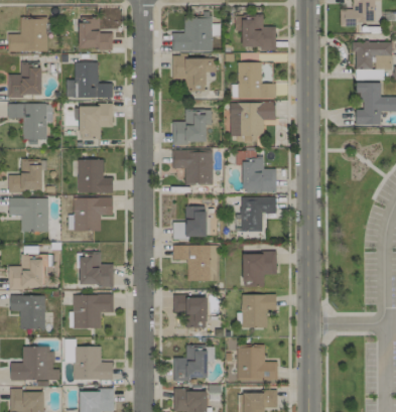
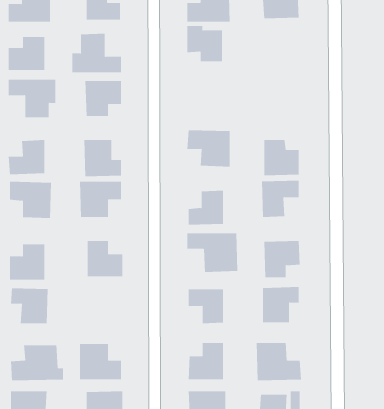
building: [238,62,276,98] -> none
building: [230,102,276,136] -> none
building: [172,109,212,143] -> none
building: [74,294,114,328] -> none

